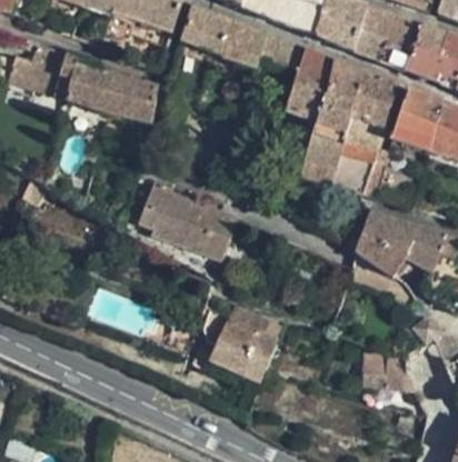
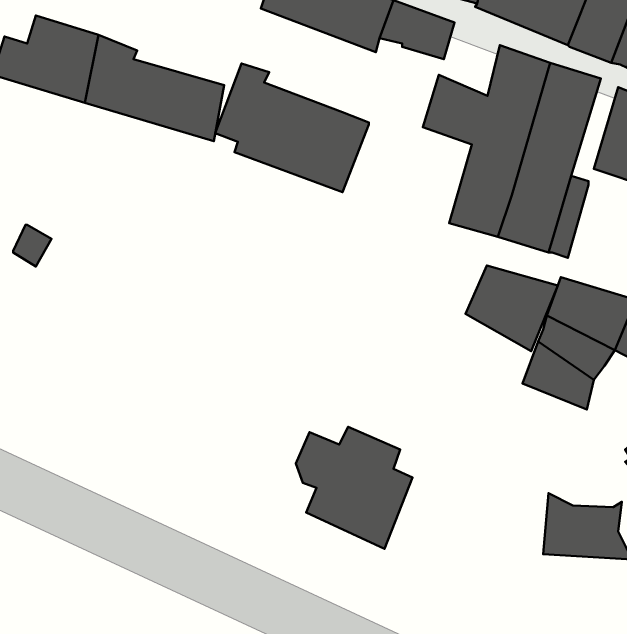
building: [293,46,332,92] -> none
building: [139,177,237,259] -> [215,63,369,192]
building: none -> [466,265,558,351]

